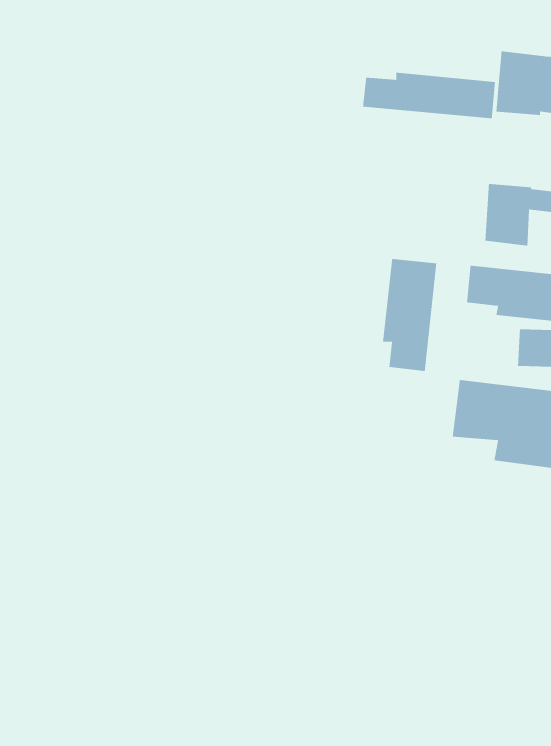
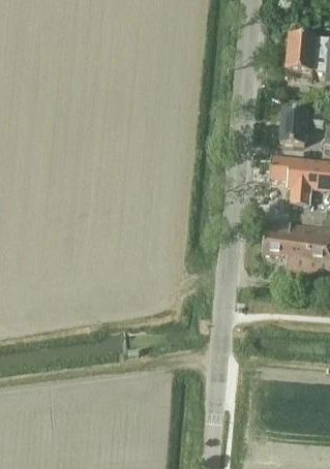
building: [362,72,496,119] -> none
building: [382,258,437,372] -> none

